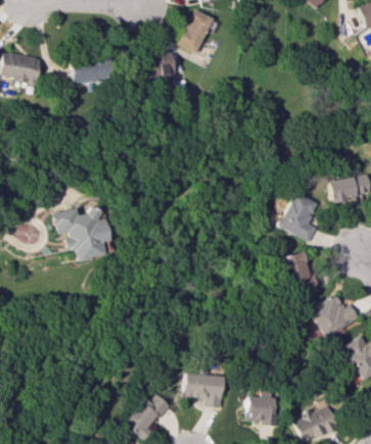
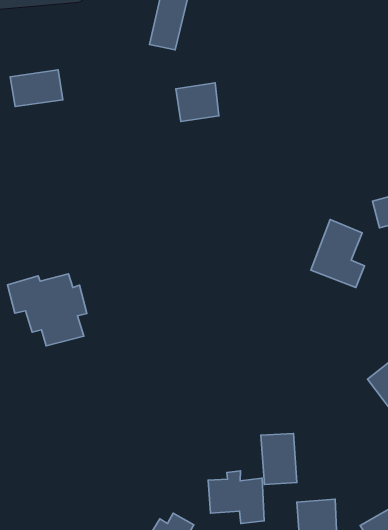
building: [142,51,172,77] -> [176,83,219,121]
building: [281,250,318,297] -> none
building: none -> [261,433,297,484]

